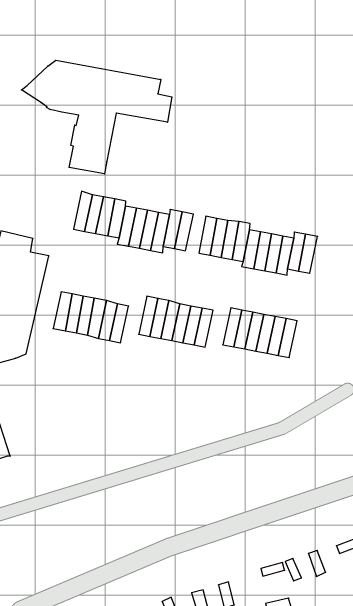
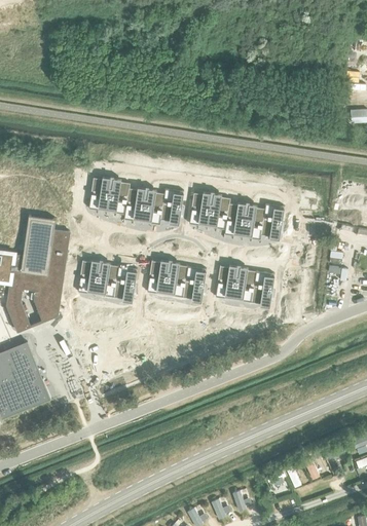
building: [21,60,172,174] -> none

